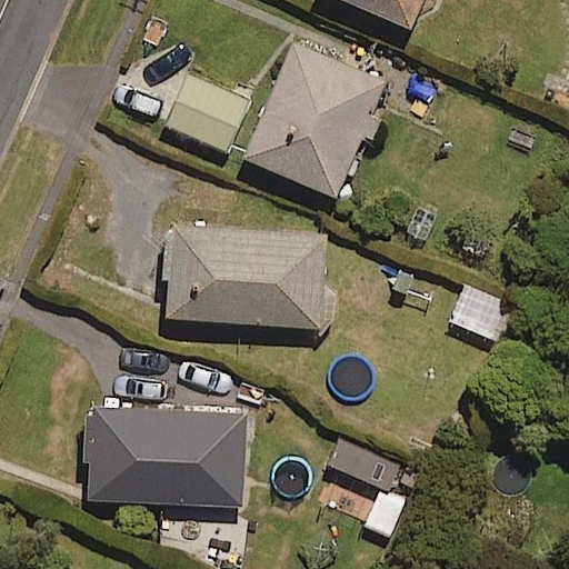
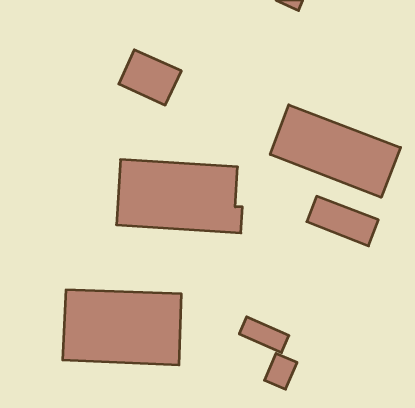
building: [243,39,385,194] -> none
building: none -> [270,105,401,197]

